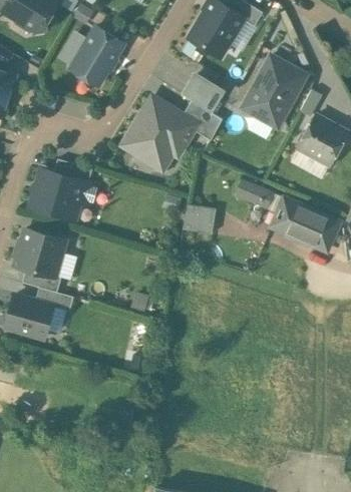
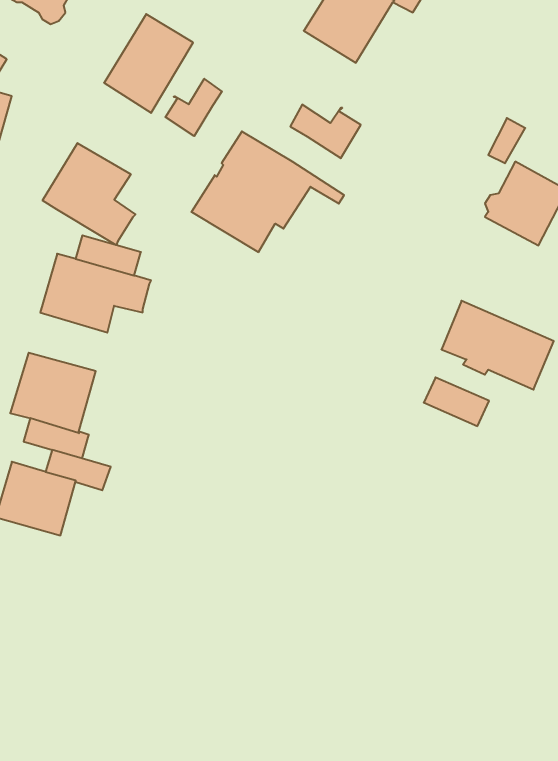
building: [241,56,305,127] -> none
building: none -> [165,79,222,136]
building: [182,100,222,135] -> none
building: none -> [43,143,135,245]
building: [234,179,273,208] -> [424,377,489,426]
building: [183,205,215,233] -> none

